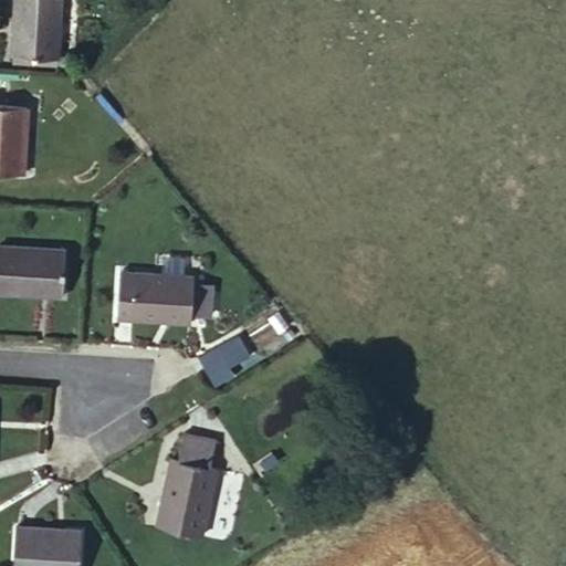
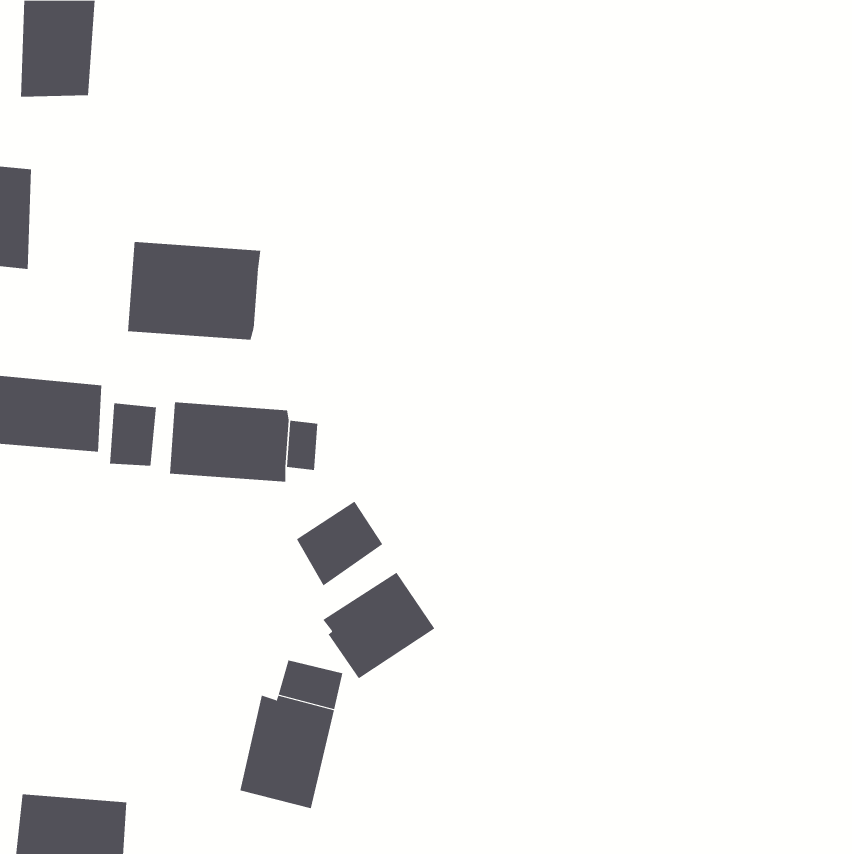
building: none -> [127,241,261,340]
building: none -> [110,402,156,466]
building: none -> [322,572,435,679]

